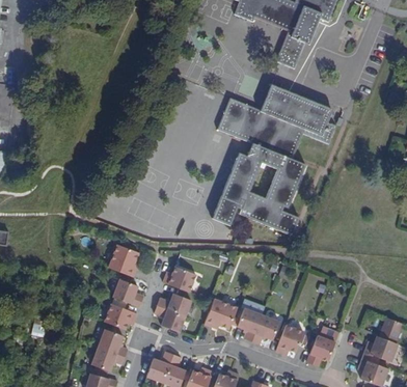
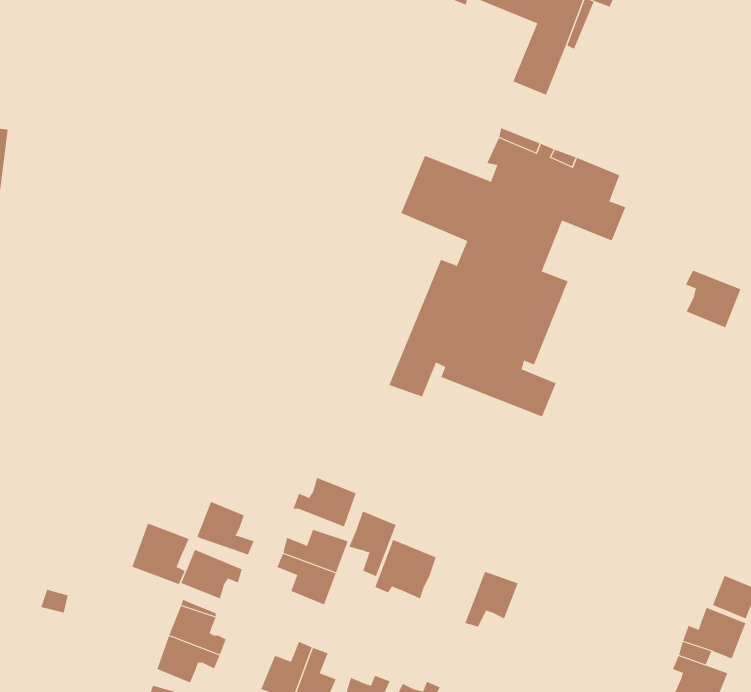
building: none -> [685,270,741,328]
building: [108,244,138,276] -> [131,523,189,585]
building: [237,307,262,341] -> [349,511,397,577]
building: [275,325,303,353] -> none
building: [307,334,335,364] -> none

